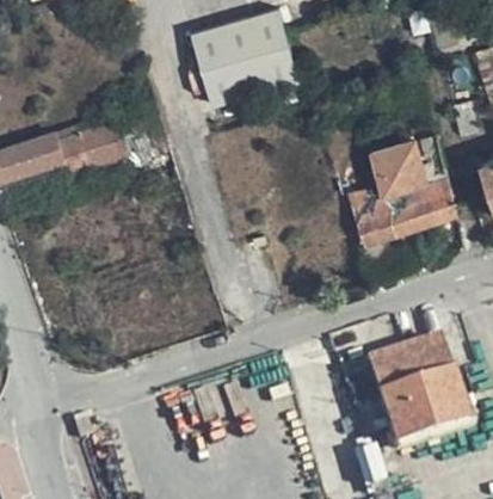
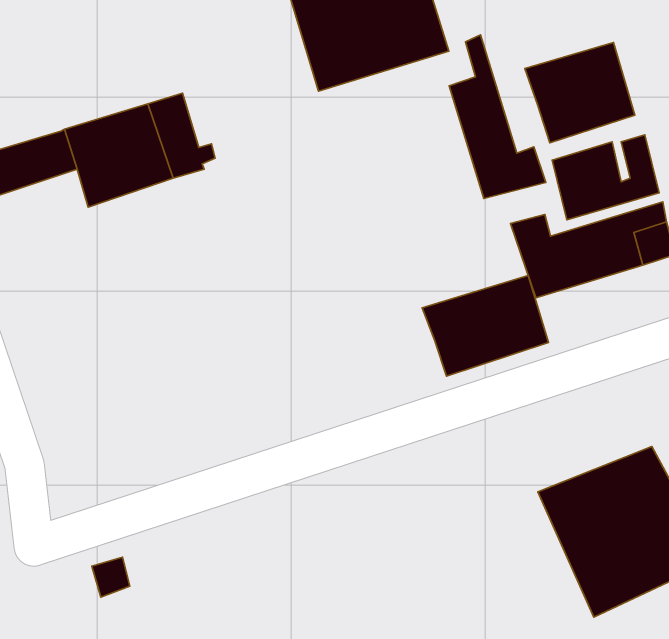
building: none -> [449,35,546,199]
building: none -> [525,43,635,143]
building: none -> [422,275,549,376]

